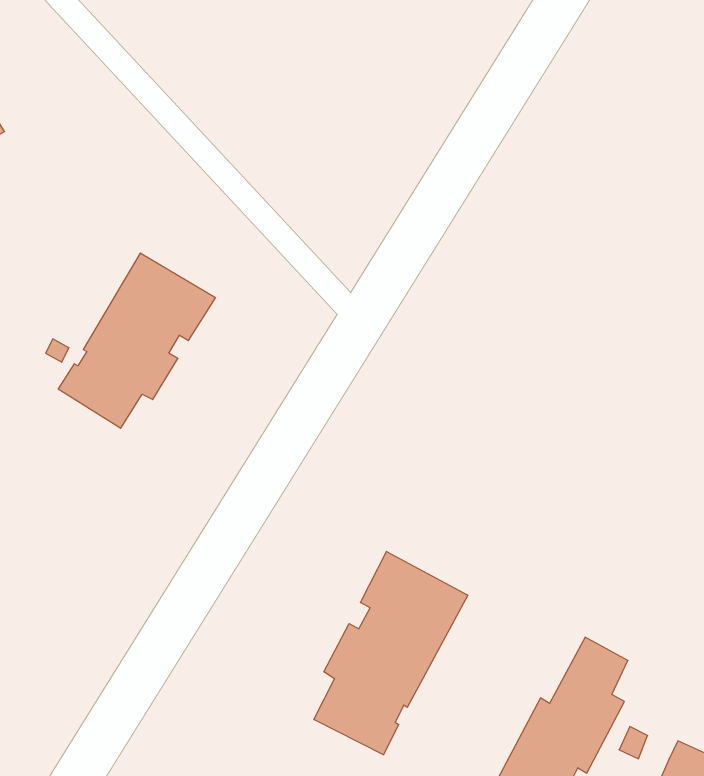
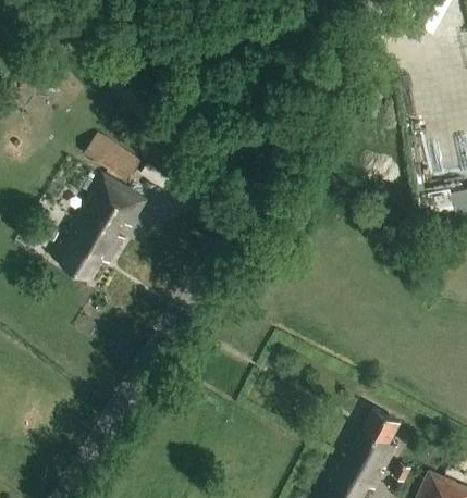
building: none -> [84,134,142,182]
building: [314,551,468,755] -> none

